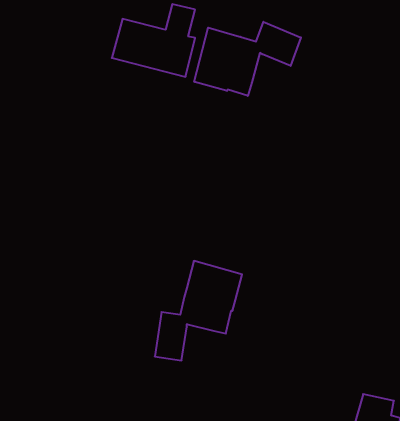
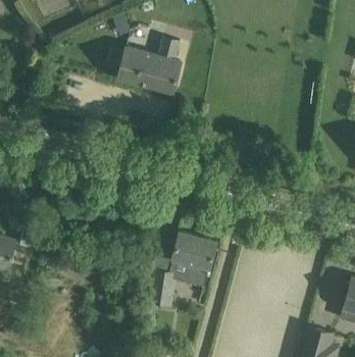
building: [194,22,301,96] -> none

